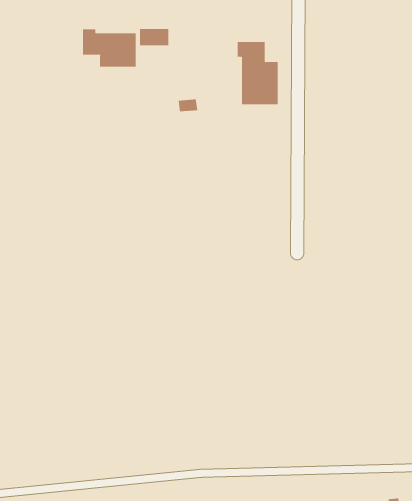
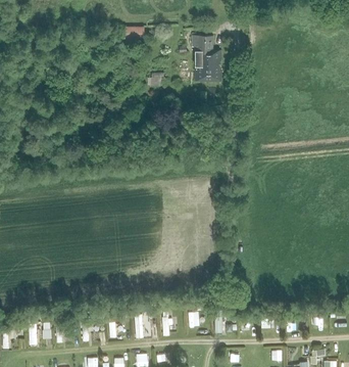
building: [83,28,136,68] -> none

